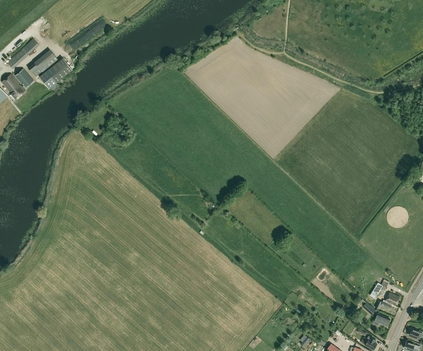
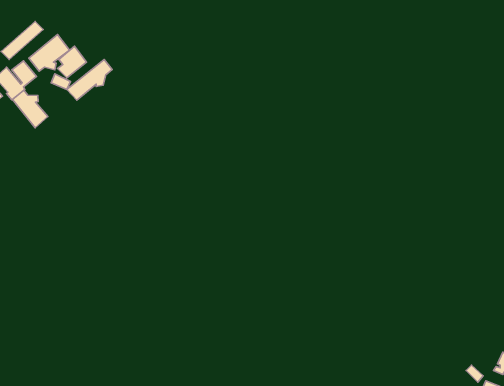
building: none -> [67,60,112,100]
building: none -> [12,90,48,128]

